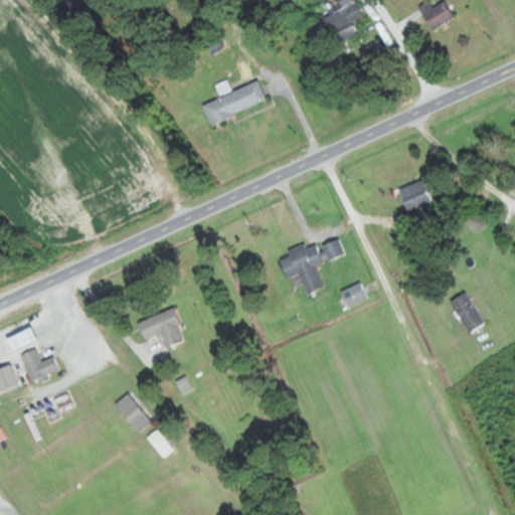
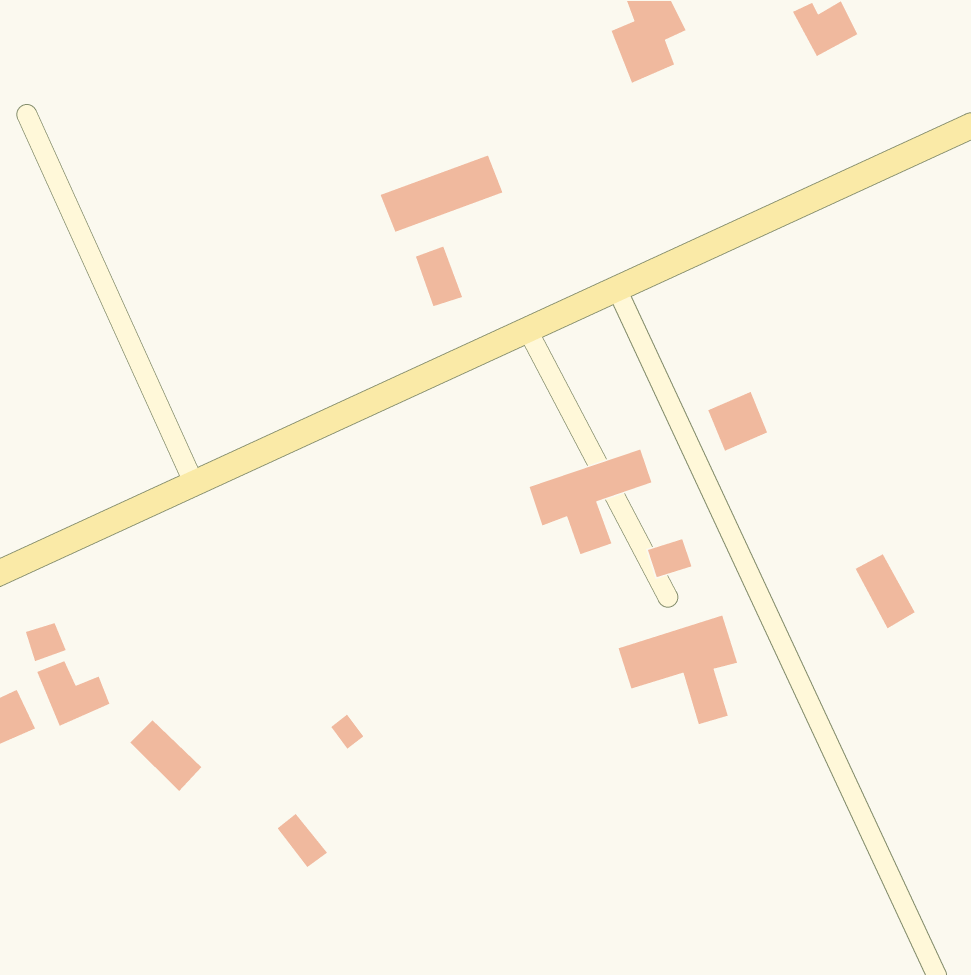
building: none -> [415,245,463,307]
building: [397,179,430,211] -> [707,391,768,452]
building: [137,308,184,347] -> none
building: none -> [617,614,738,725]
building: [113,394,151,433] -> [130,719,202,792]

